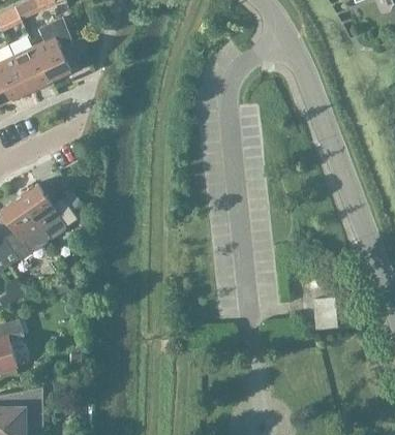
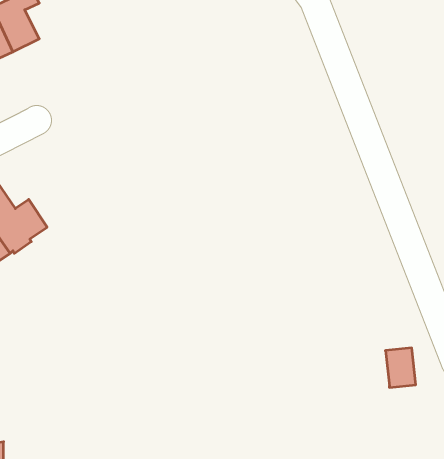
building: [312,298,336,329] -> [385,348,416,387]

